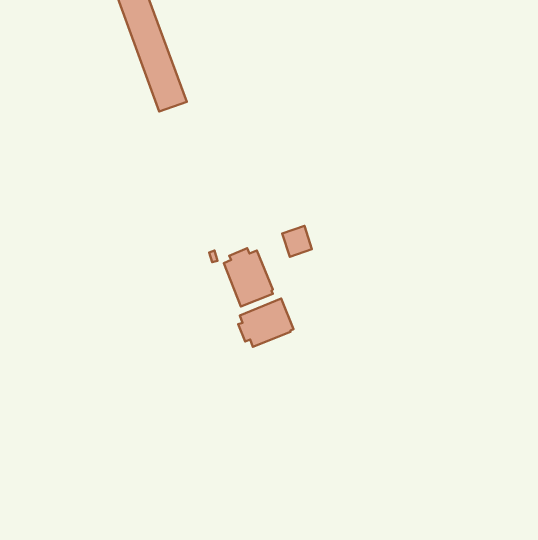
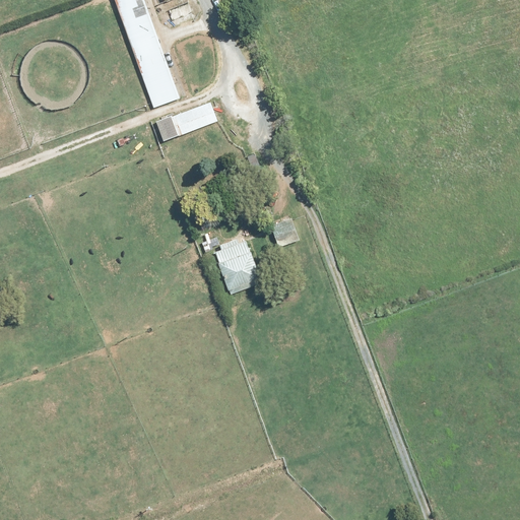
building: none -> [156,102,216,140]
building: [238,299,294,347] -> none

